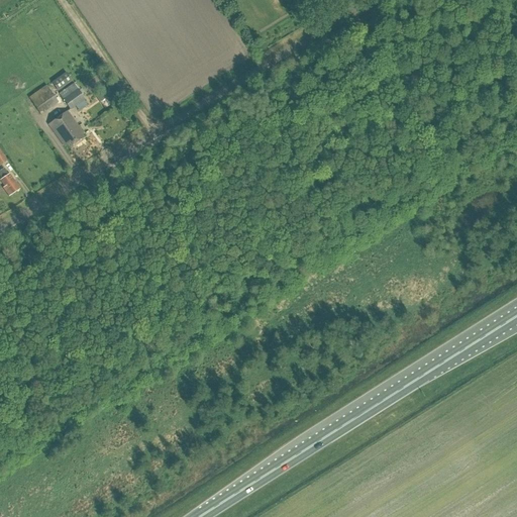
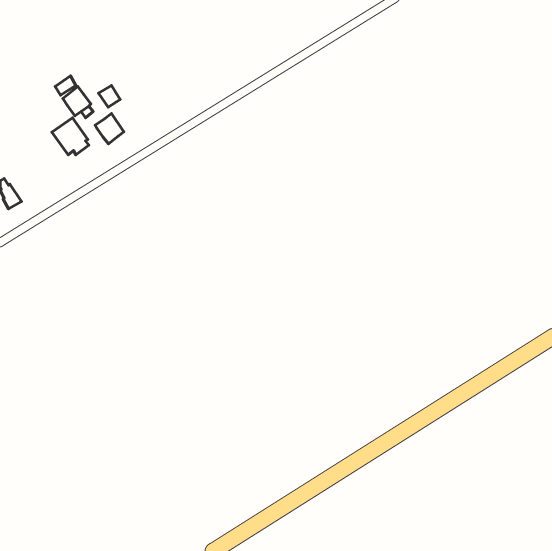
building: [29,83,60,112] -> none
building: none -> [95,114,124,144]

